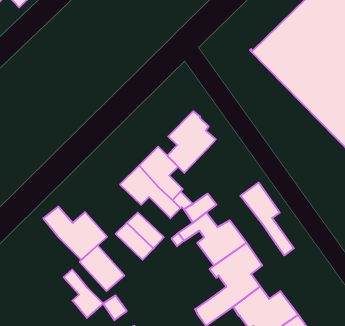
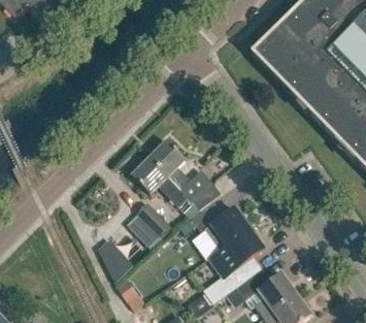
building: [167,111,216,173] -> none
building: [240,183,294,255] -> none
building: [43,207,107,260] -> none
building: [64,270,103,318] -> none

